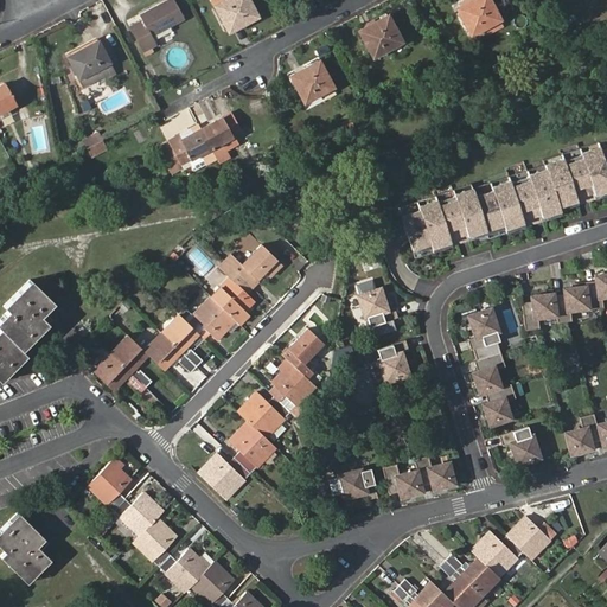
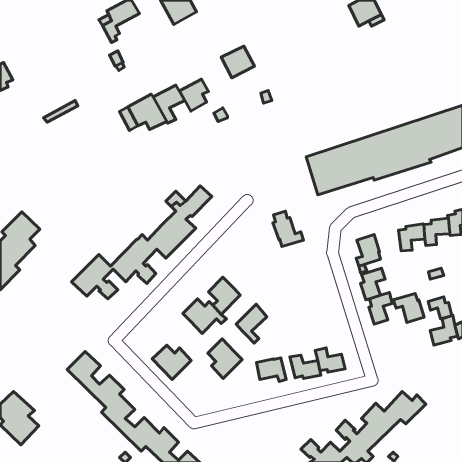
building: [359,15,403,58] -> none
building: [68,38,116,87] -> none
building: none -> [179,79,208,111]
building: [285,328,325,379] -> [236,304,267,343]
building: [378,338,409,379] -> none
building: none -> [428,297,452,319]
building: [231,421,276,473] -> [208,339,242,379]
building: [498,427,538,465] -> [393,294,424,323]

